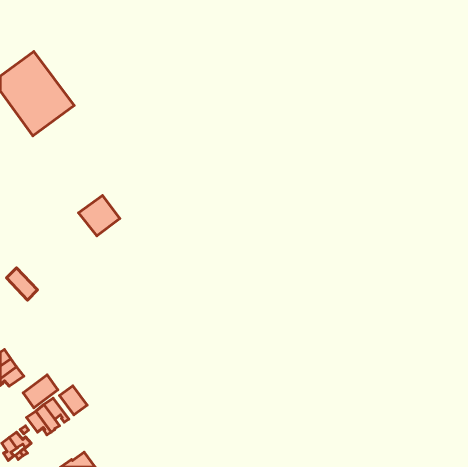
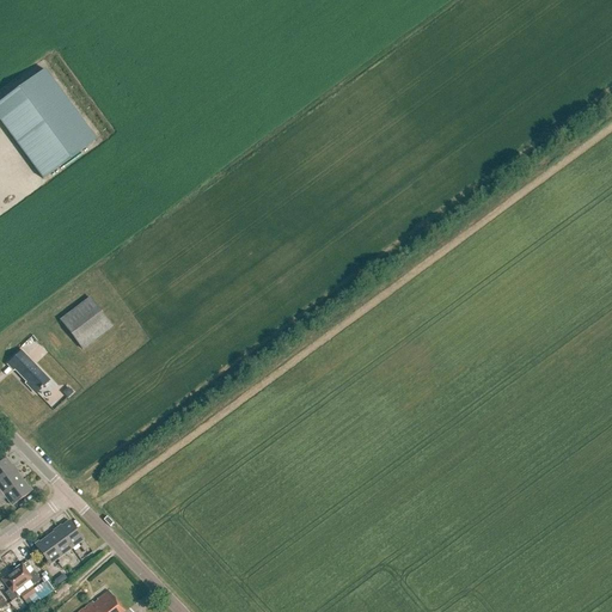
building: [79,195,120,236] -> [59,295,112,348]
building: [23,375,58,408] -> none
building: [59,386,87,415] -> none

